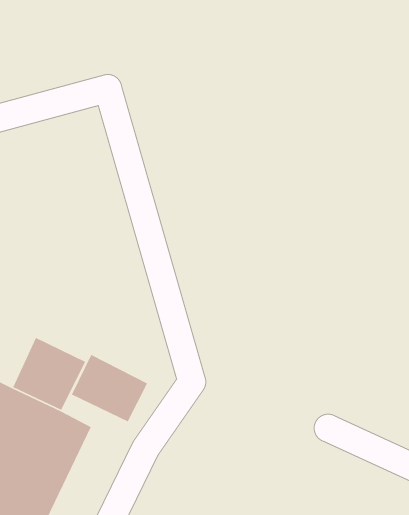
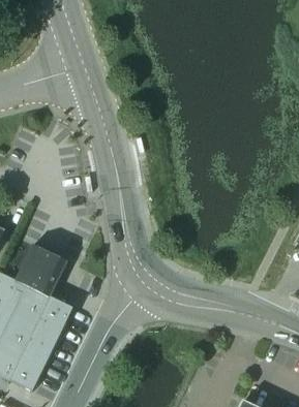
building: [71,354,148,422] -> none

